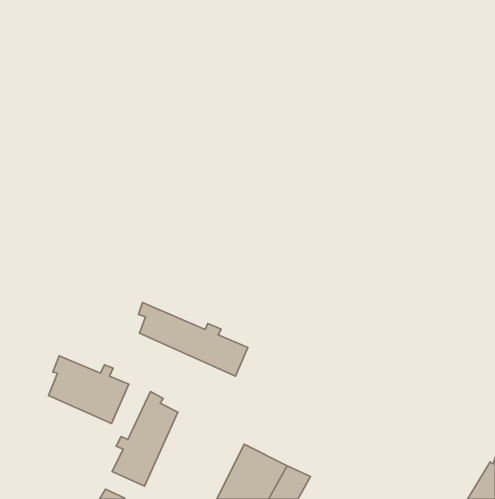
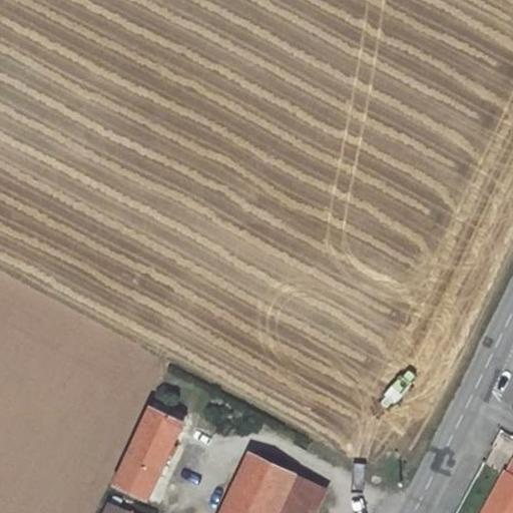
building: [139,302,248,376] -> none
building: [49,356,129,424] -> none

